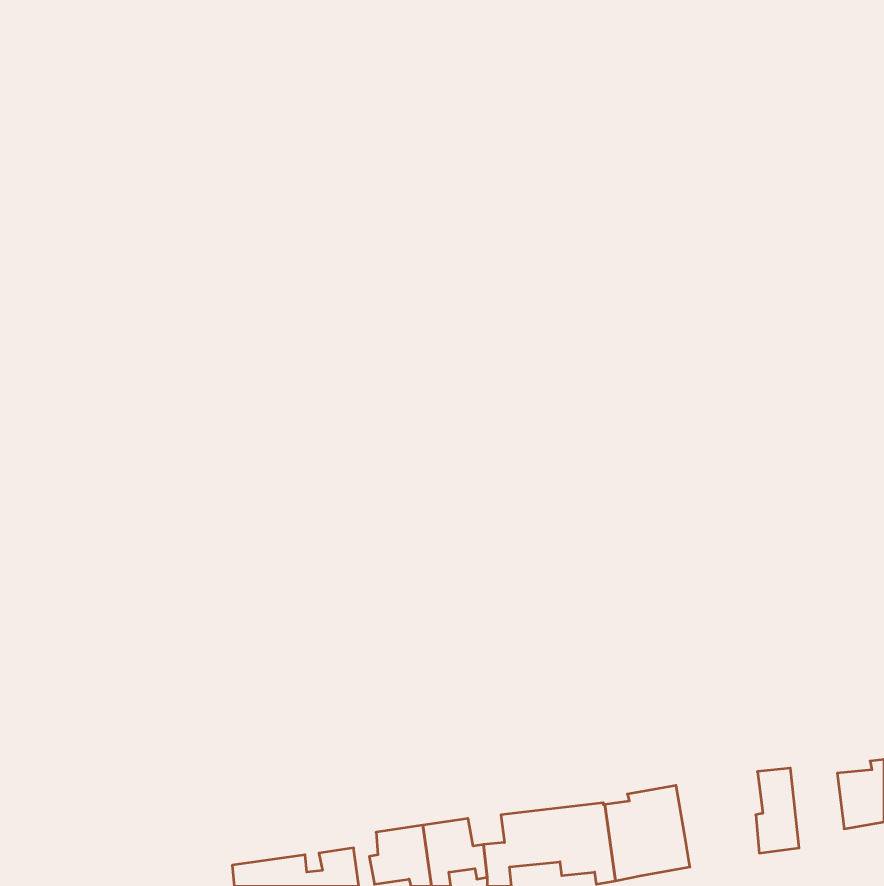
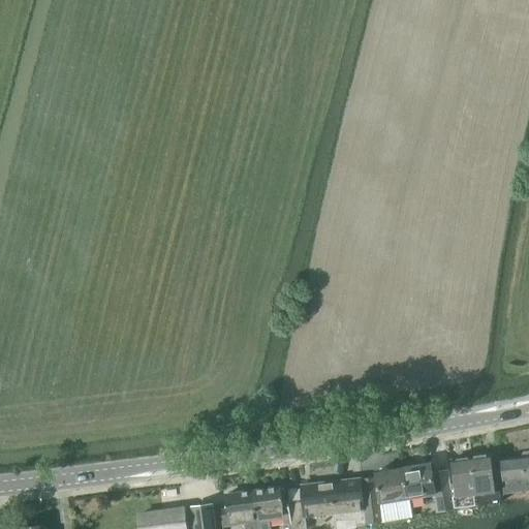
building: none -> [471,456,499,505]
building: none -> [403,464,453,512]

